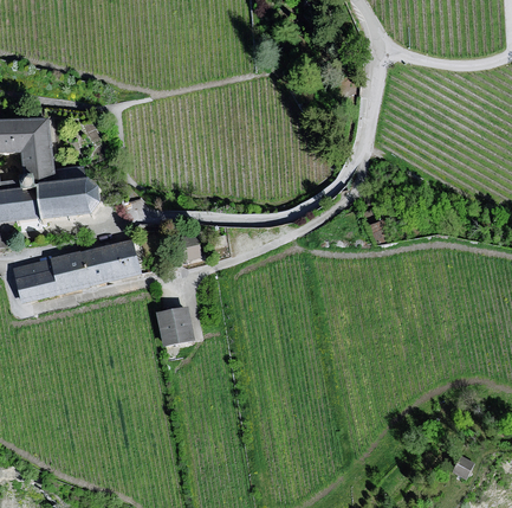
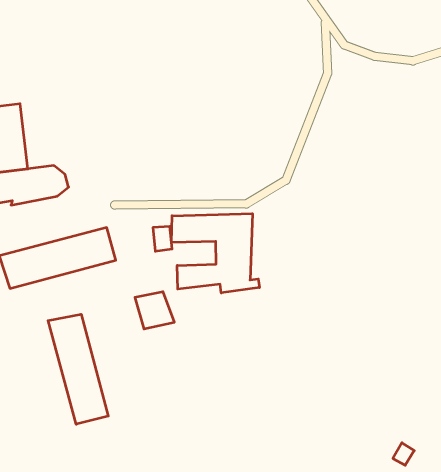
building: none -> [171,214,259,293]
building: none -> [48,314,108,424]

